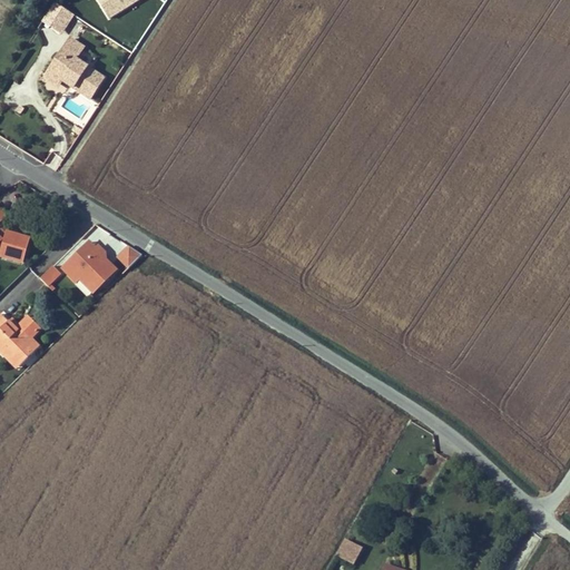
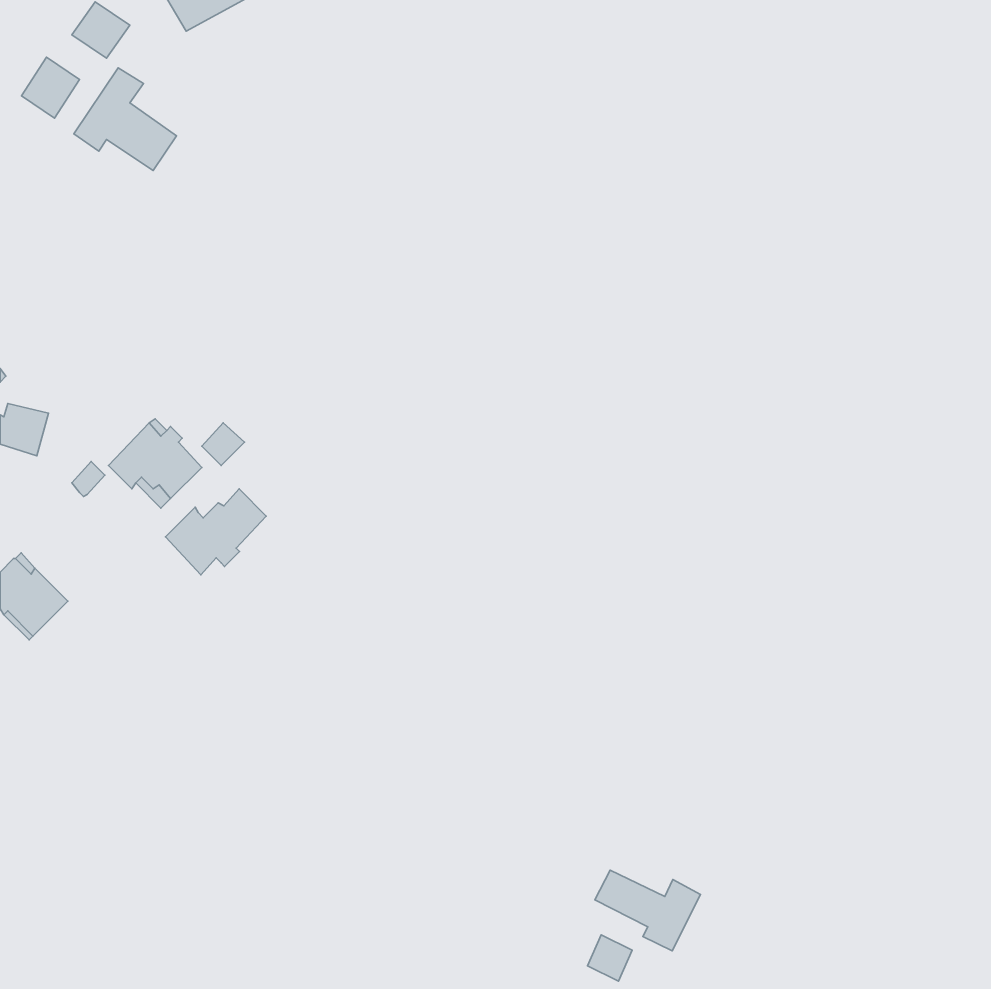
building: none -> [22,57,79,118]
building: none -> [165,489,266,575]
building: none -> [595,870,700,951]

